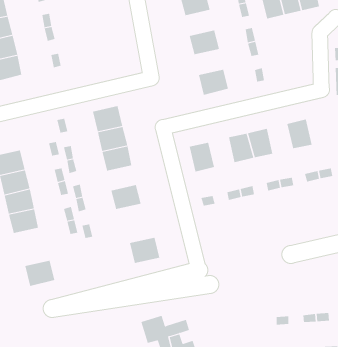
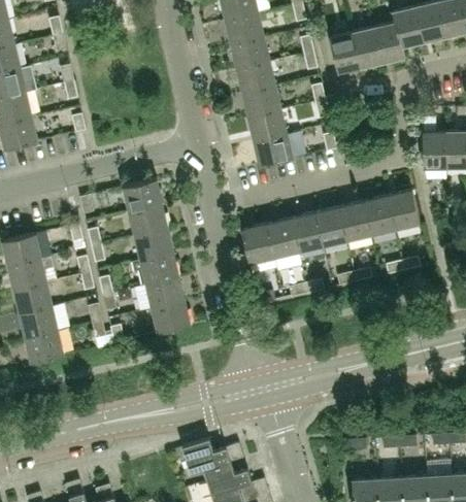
building: none -> [237,62,274,94]
building: none -> [248,110,286,142]
building: none -> [388,192,420,229]
building: none -> [339,203,370,240]
building: none -> [267,220,298,257]
building: none -> [138,255,177,286]
building: [129,237,160,264] -> [152,302,190,335]
building: [24,260,55,287] -> [25,332,63,365]

